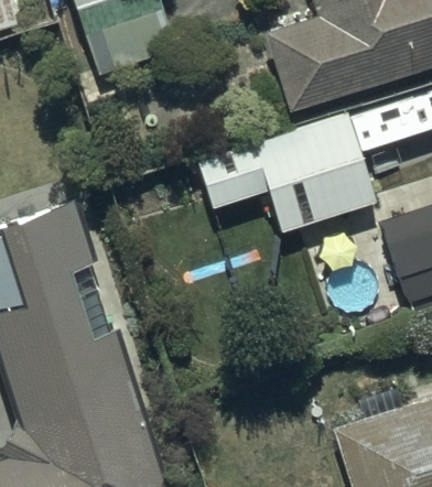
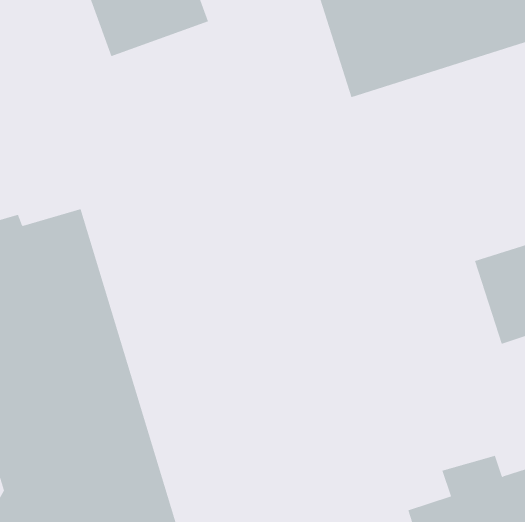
building: [197,115,376,232] -> none

